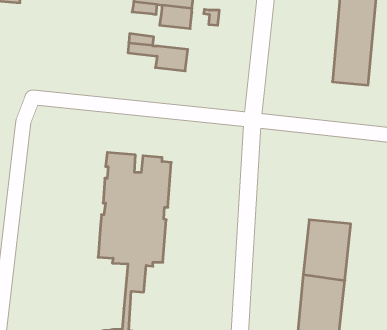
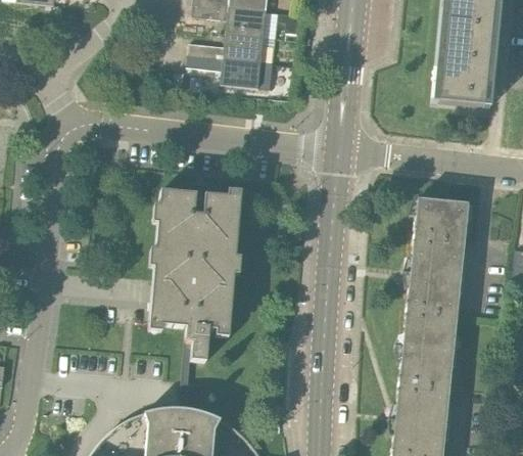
building: none -> [225,33,265,62]
building: none -> [411,197,469,277]

